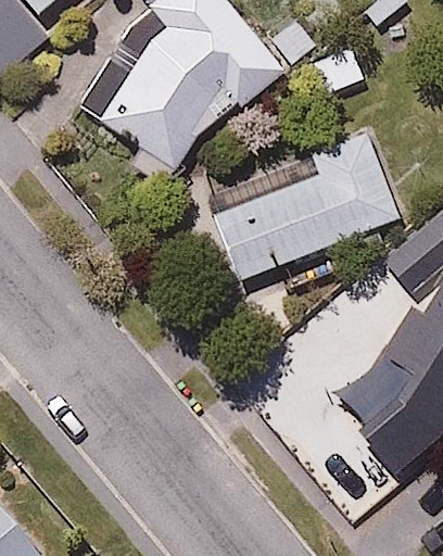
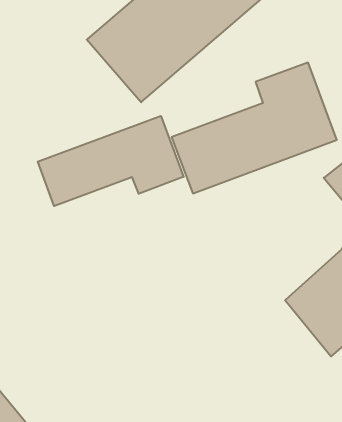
building: none -> [38,116,184,206]

